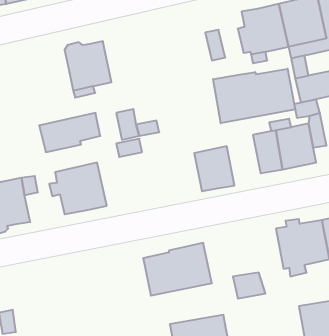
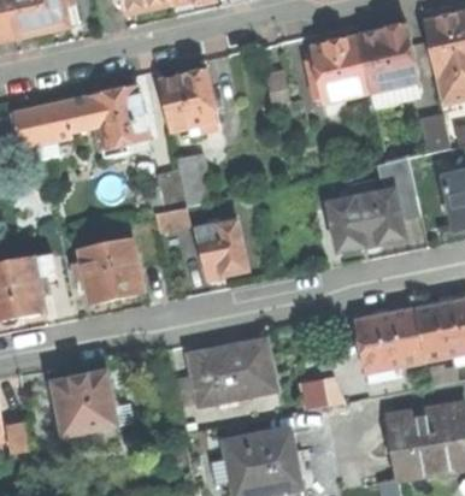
building: none -> [157,69,219,134]
building: [213,69,295,123] -> none
building: [39,113,100,152] -> [18,95,95,144]
building: [194,146,234,191] -> [198,220,248,277]
building: none -> [52,372,130,436]

